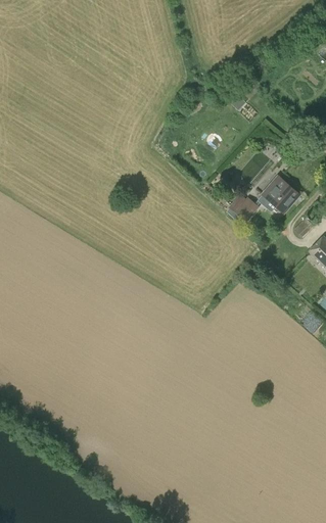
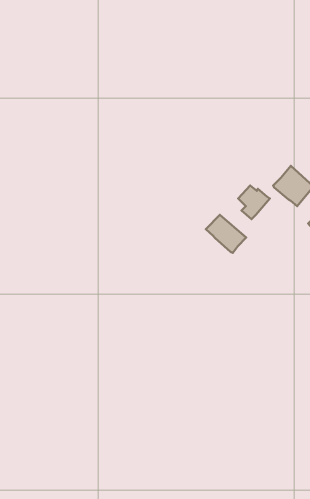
building: none -> [206,215,246,253]

